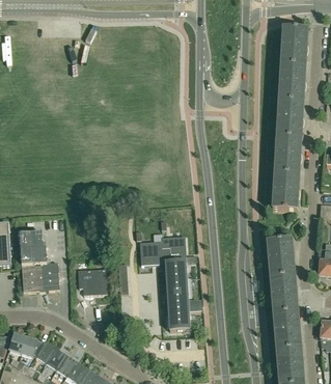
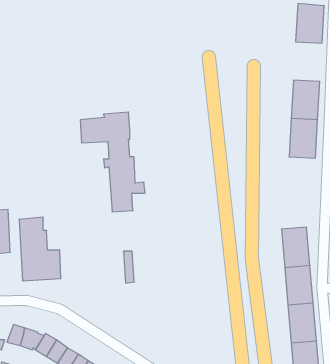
building: [279,65,306,103] -> none
building: [273,174,300,212] -> none
building: [140,236,201,330] -> [80,112,145,212]
building: [78,269,108,295] -> none

